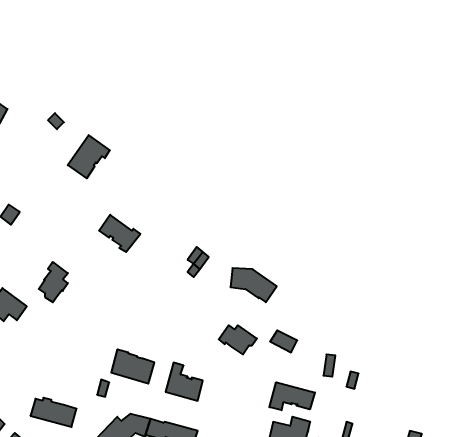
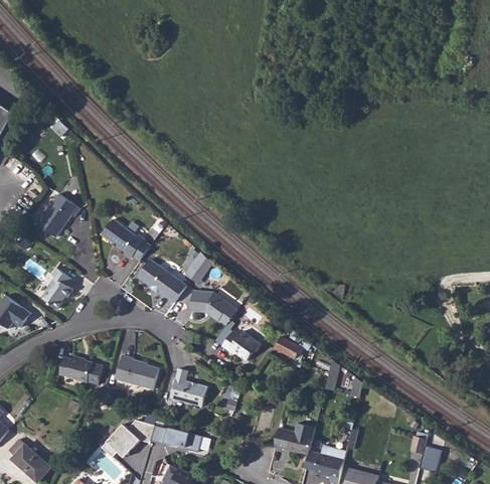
building: [68,135,110,178] -> [37,194,79,237]
building: none -> [137,259,185,303]
building: [230,268,277,302] -> [190,291,236,325]
building: [269,382,315,410] -> none
building: [30,398,77,427] -> [58,356,105,385]

